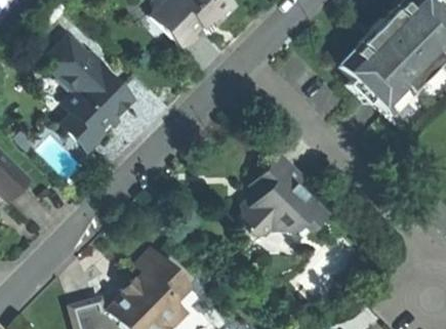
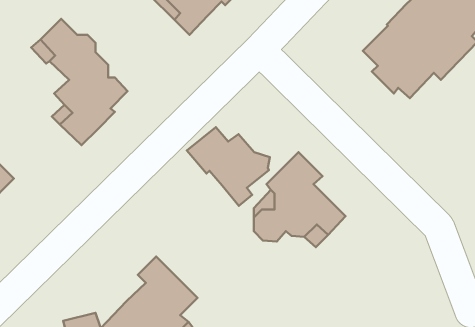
building: none -> [187,127,270,206]

